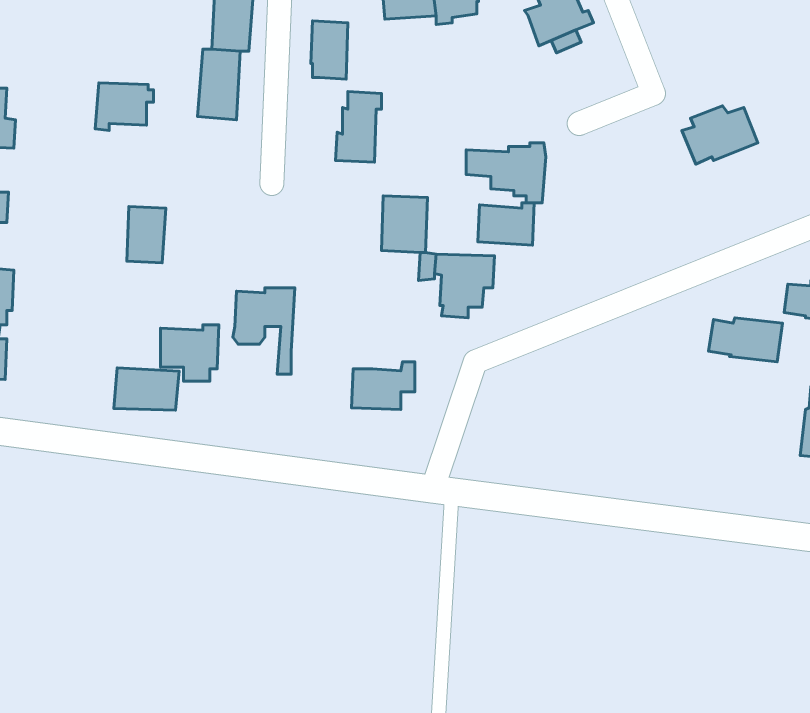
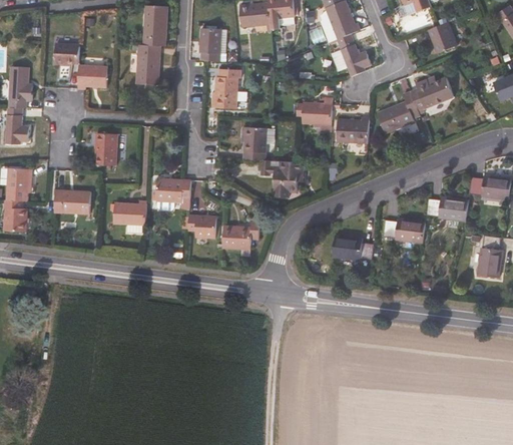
building: none -> [428,22,456,53]
building: none -> [55,43,80,63]
building: none -> [335,44,371,76]
building: none -> [378,90,419,132]
building: [478,203,534,245] -> [337,118,369,142]
building: none -> [188,215,216,239]
building: none -> [383,217,424,243]
building: [114,368,179,410] -> [54,189,91,213]
building: none -> [332,236,374,261]

